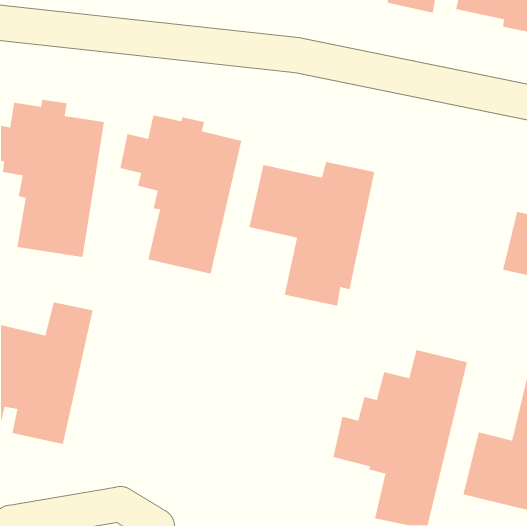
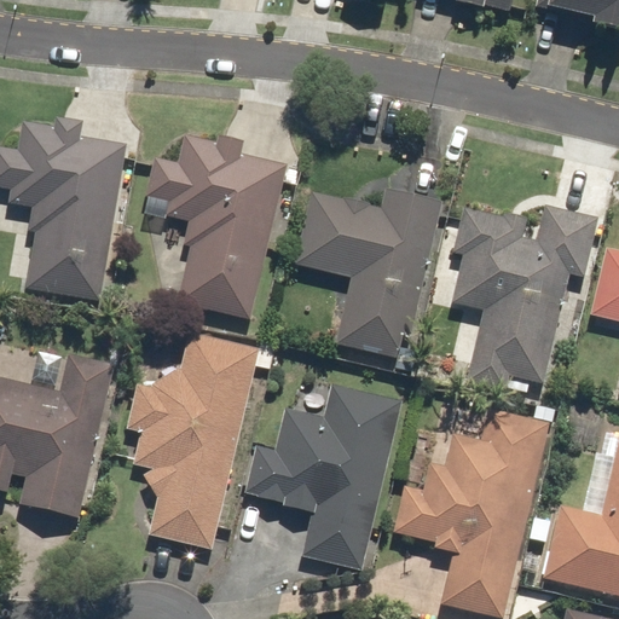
building: none -> [450,203,598,391]
building: none -> [126,330,260,550]
building: none -> [243,382,403,569]

